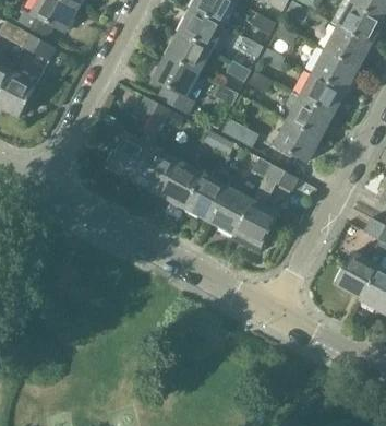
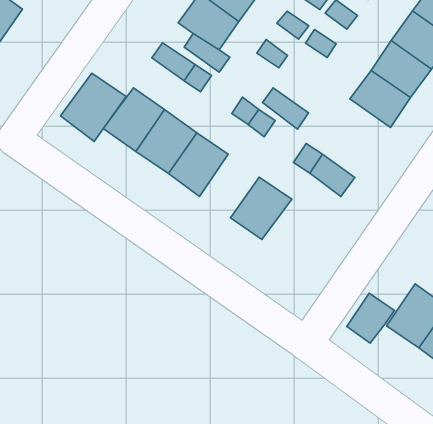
building: [274,120,318,162] -> none
building: none -> [60,73,126,141]
building: [183,173,226,220] -> none
building: [233,200,277,247] -> none
building: none -> [347,293,394,343]

